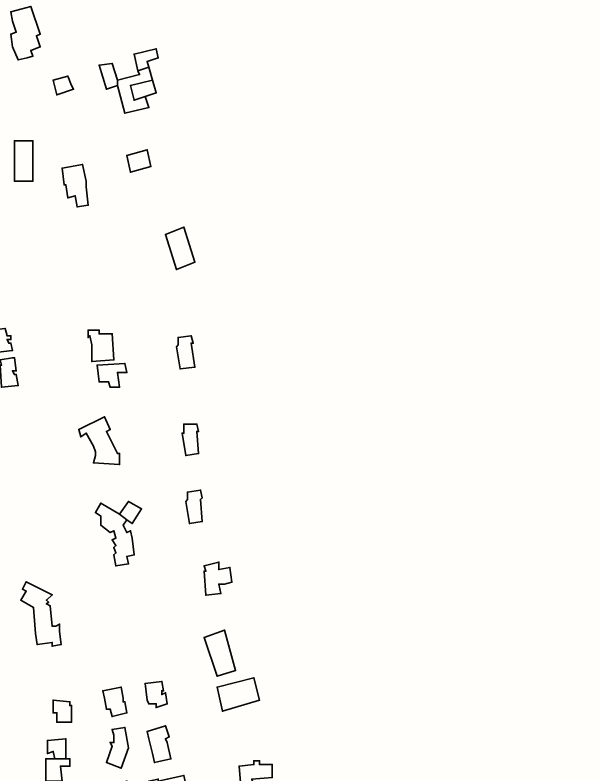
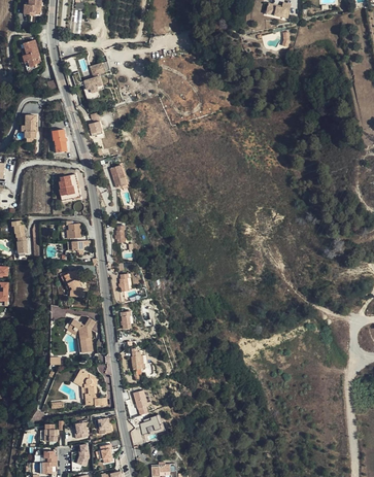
building: none -> [59,174,79,201]
building: [21,582,61,646] -> [76,370,99,406]

